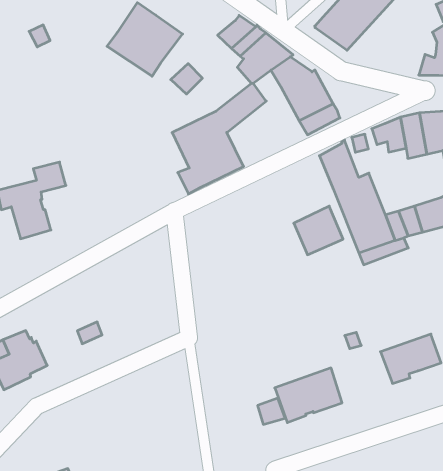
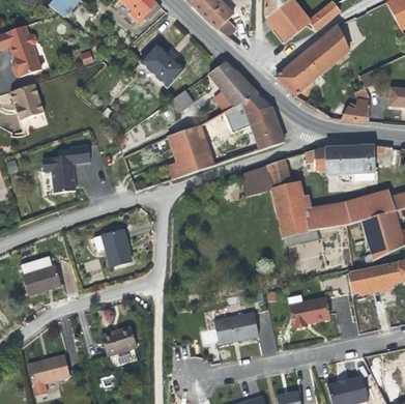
building: [294,206,343,255] -> [240,165,272,196]
building: none -> [103,228,132,266]
building: none -> [102,325,136,355]

